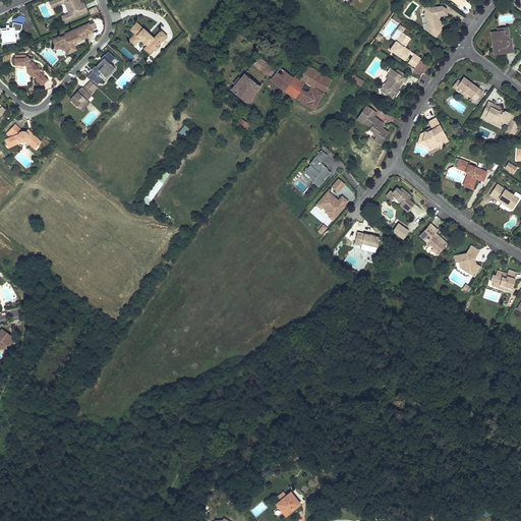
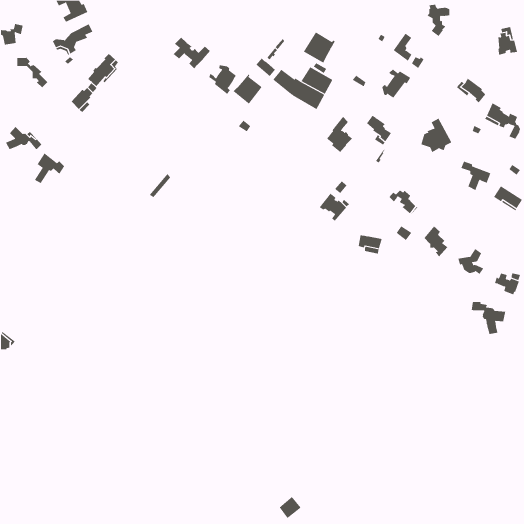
building: [129,22,167,55] -> [173,37,211,70]
building: none -> [303,31,335,64]
building: none -> [209,65,237,95]
building: [305,150,332,186] -> [326,116,353,153]
building: none -> [34,152,65,184]
building: none -> [471,301,506,335]

